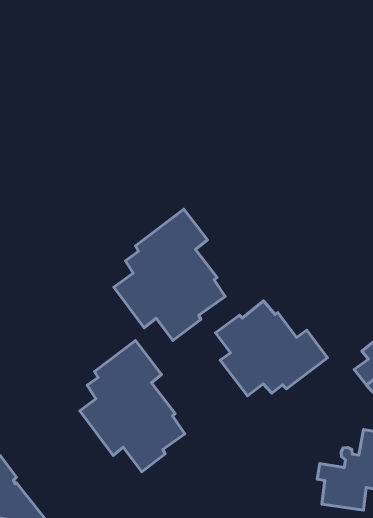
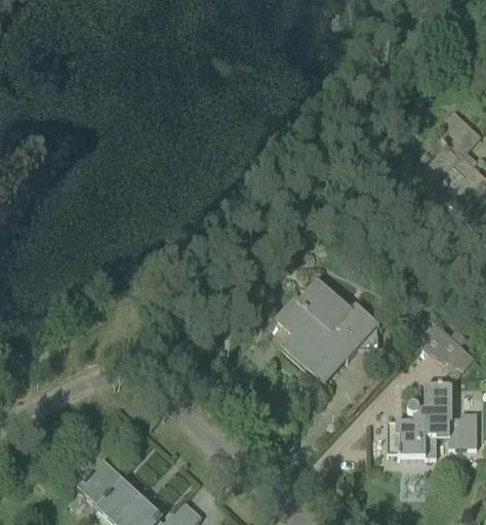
building: [114,209,225,341] -> none
building: [80,341,185,472] -> none

